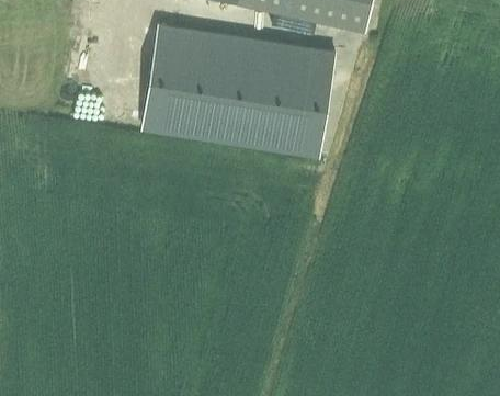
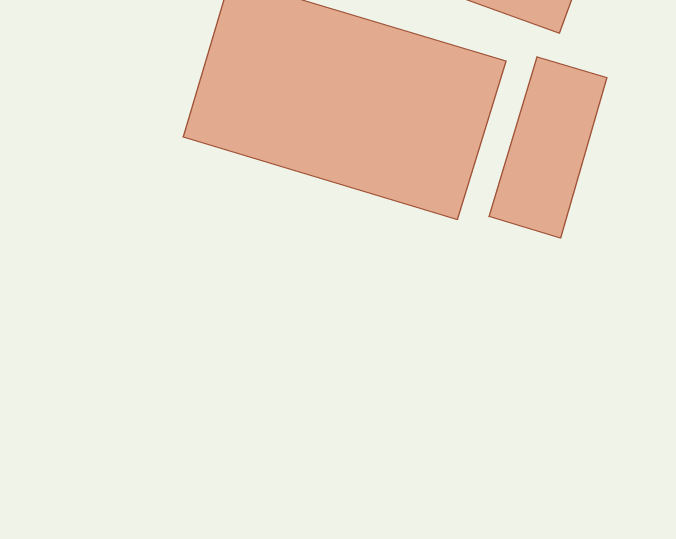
building: none -> [489,57,607,238]

